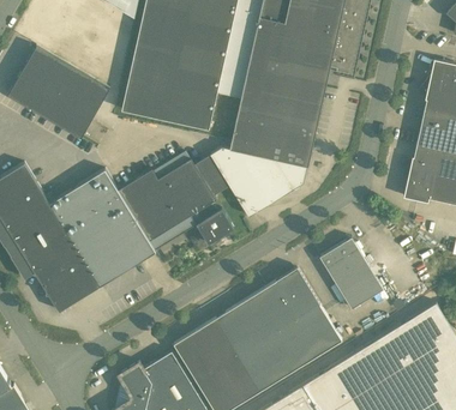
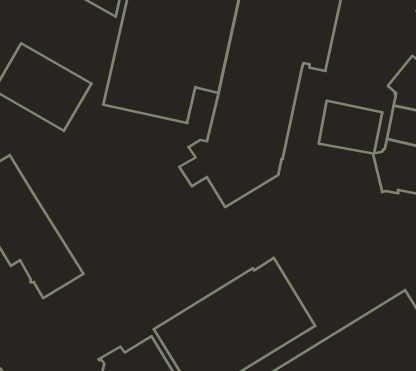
building: none -> [319,101,382,154]
building: [48,159,233,287] -> none
building: [318,237,382,309] -> none

